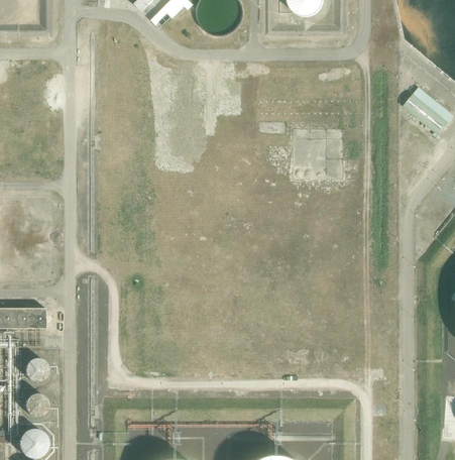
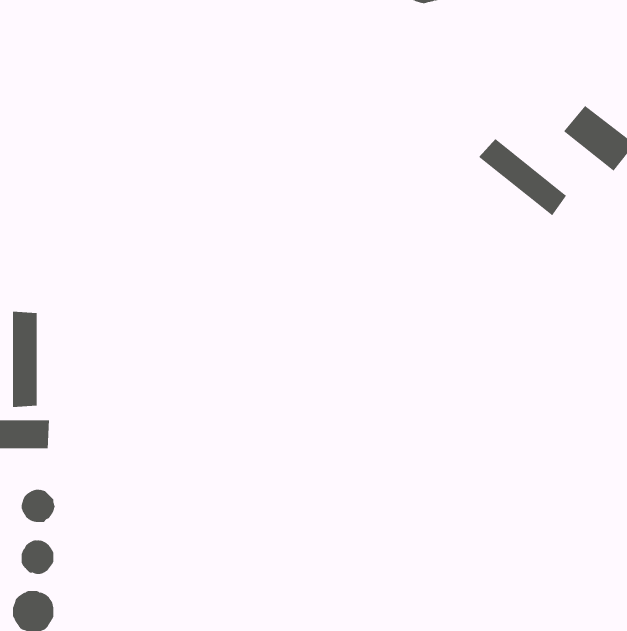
building: none -> [478,138,567,216]
building: none -> [13,311,37,408]

